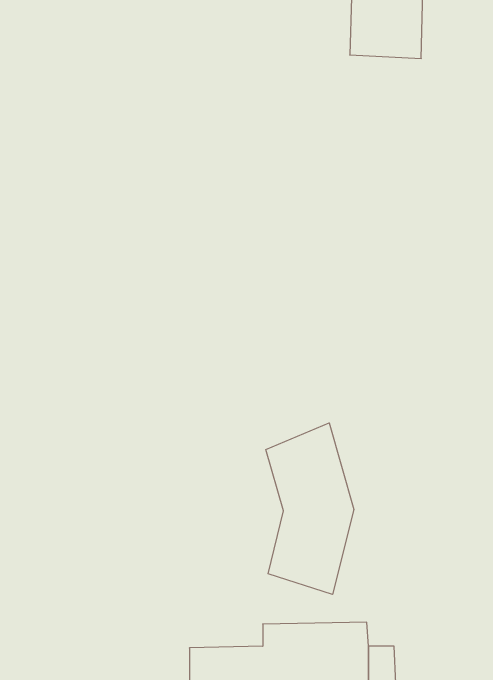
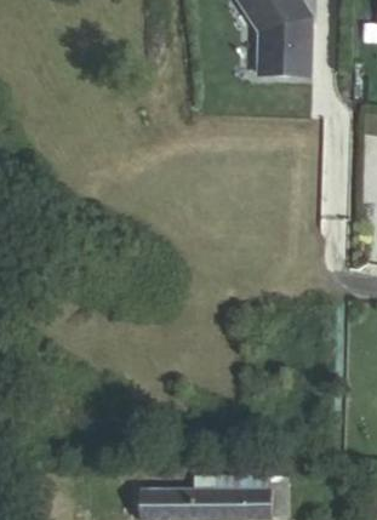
building: [266,423,354,594] -> none

